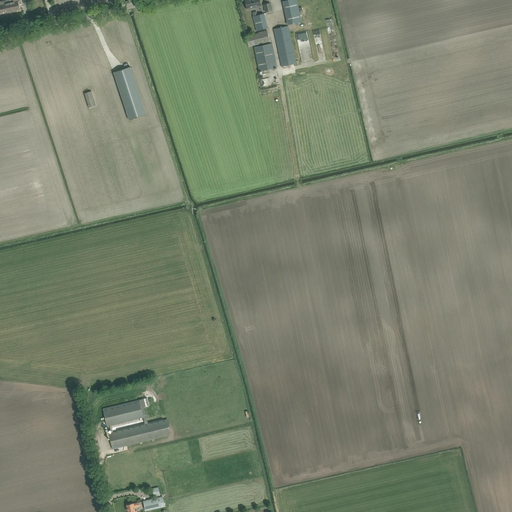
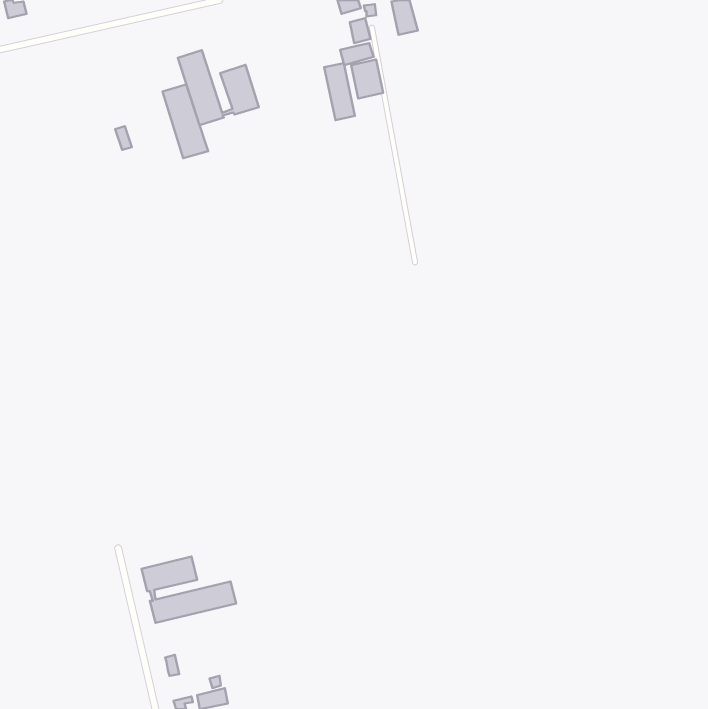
building: [273,26,295,67] -> [324,63,355,120]
building: none -> [178,50,259,125]

